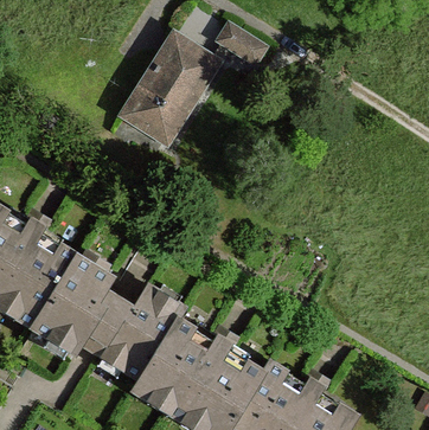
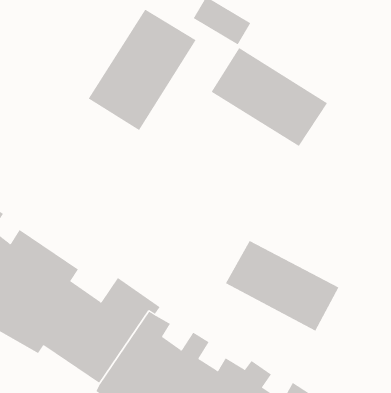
building: none -> [211,47,328,147]
building: none -> [225,240,339,331]

